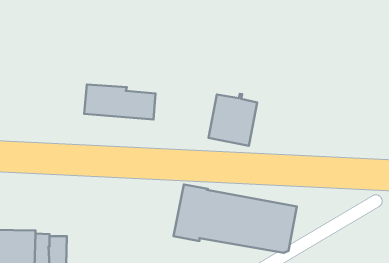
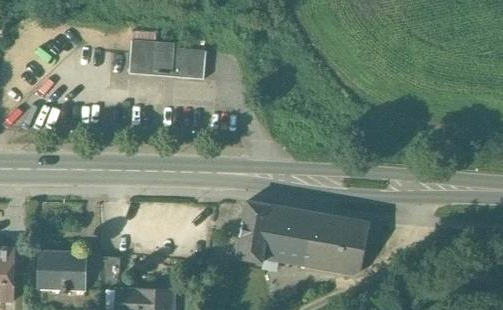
building: [84,84,155,119] -> [128,40,205,78]
building: [208,94,257,146] -> none

